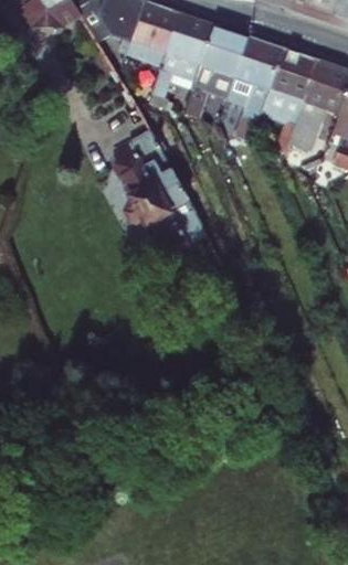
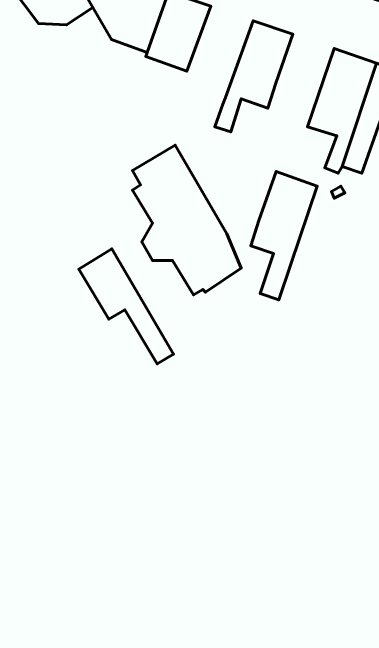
building: [148,12,217,110] -> none
building: [229,35,284,142] -> [251,172,317,300]
building: none -> [79,249,173,364]

